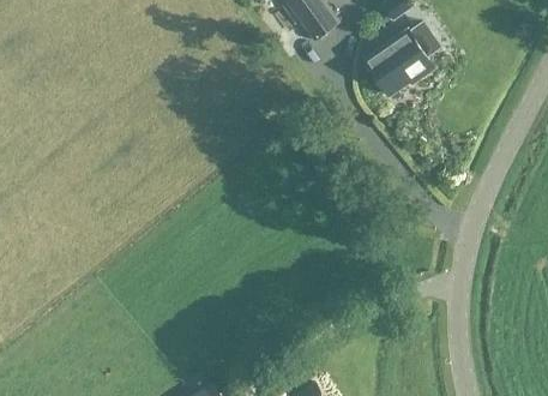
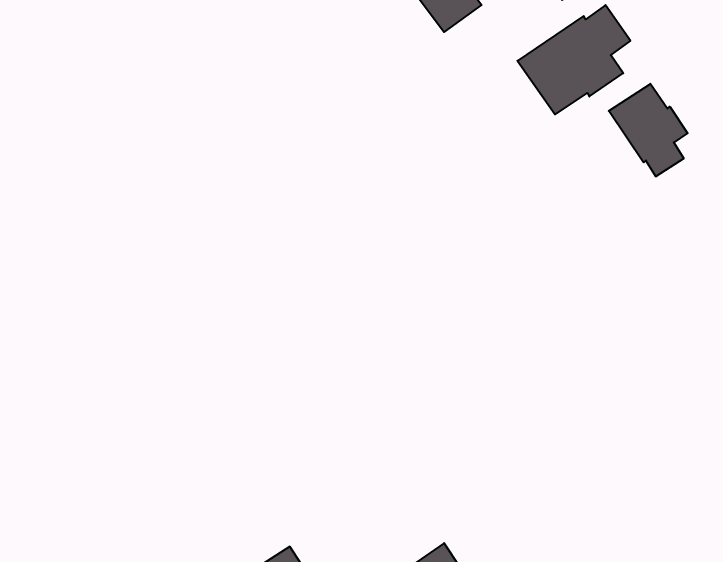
building: none -> [609,84,688,177]

